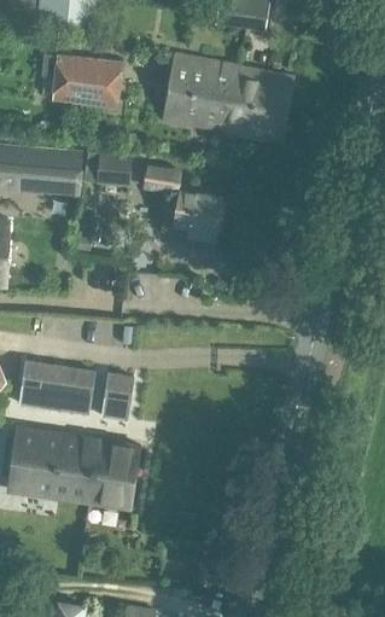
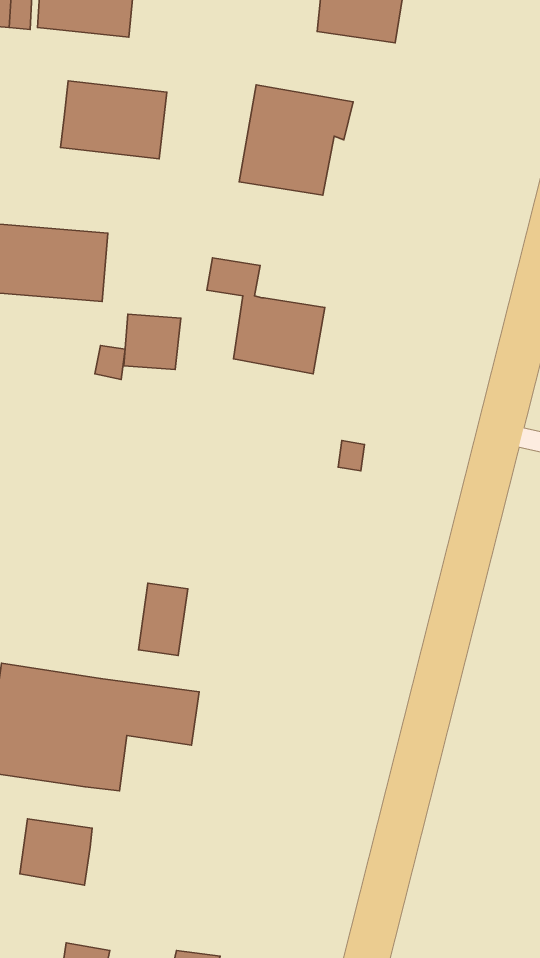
building: [218,66,291,138] -> none
building: [95,150,132,185] -> [124,314,181,370]
building: [19,360,94,413] -> none
building: [89,468,135,511] -> [20,819,92,885]

